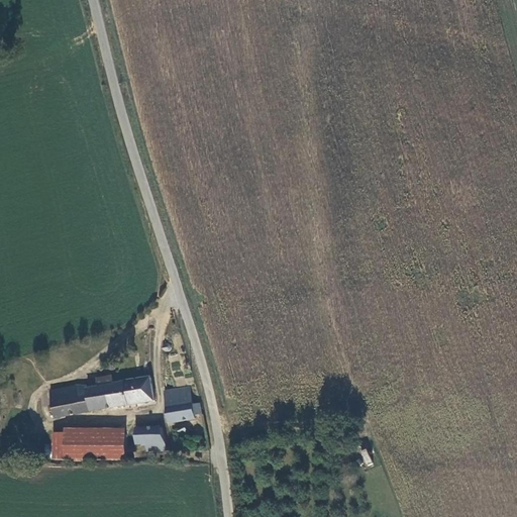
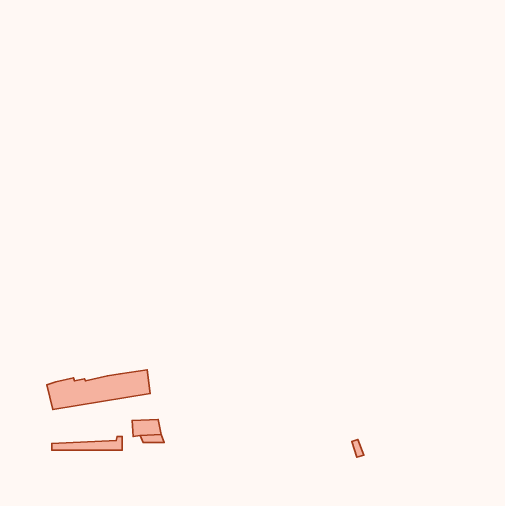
building: [163,384,200,422] -> none
building: [51,433,124,450] -> none

